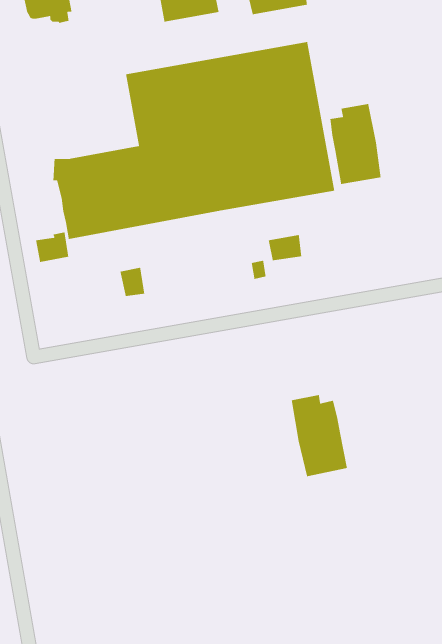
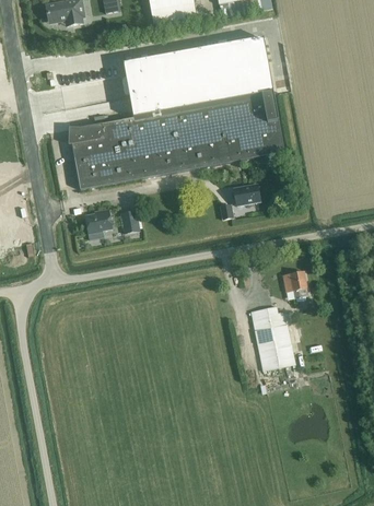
building: [329,103,382,185] -> none
building: [35,231,69,263] -> [85,208,112,232]
building: none -> [282,270,307,296]

